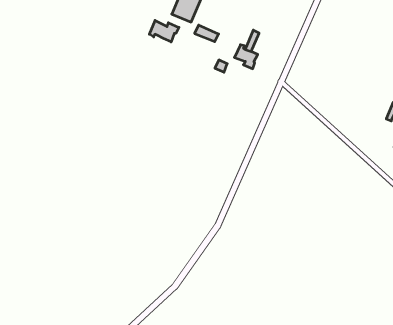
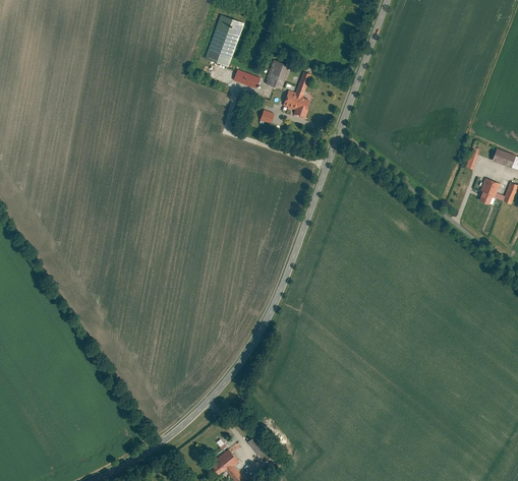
building: none -> [267,59,291,88]
building: [149,20,179,42] -> none

